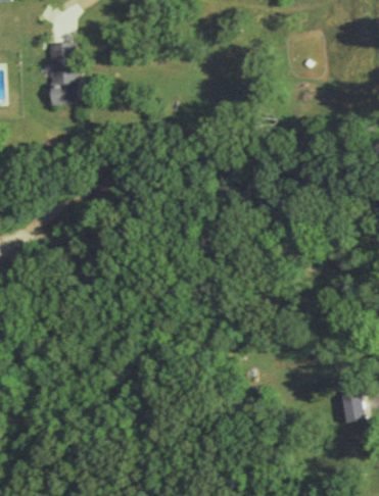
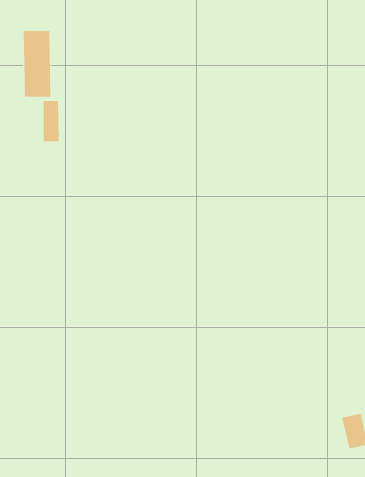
building: none -> [43,100,59,142]

